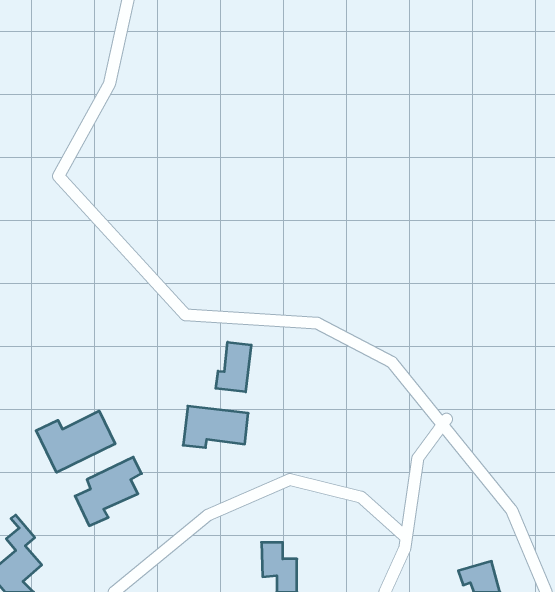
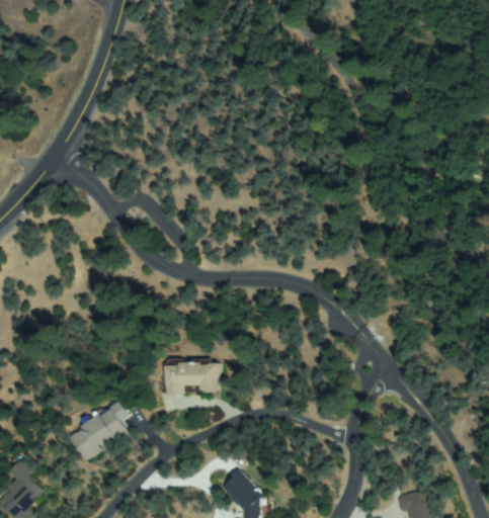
building: [216,342,251,392] -> none
building: [36,411,115,472] -> none

